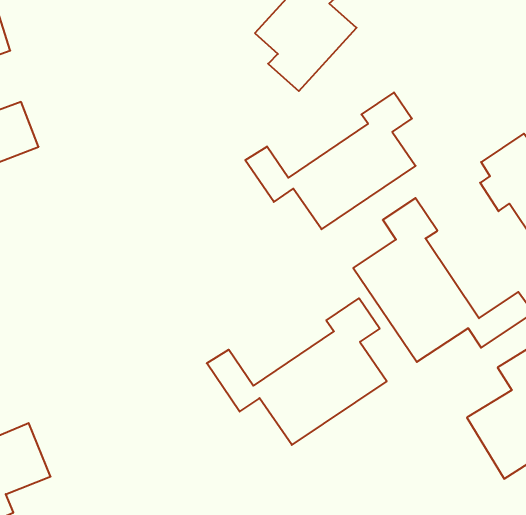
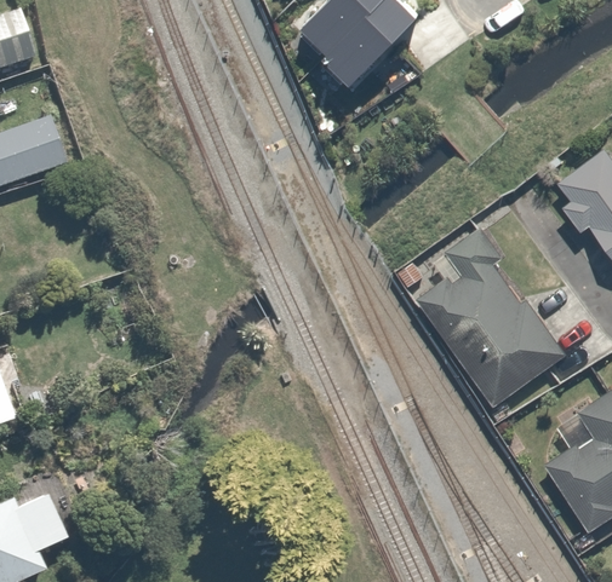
building: [245,92,416,229] -> none
building: [207,298,387,445] -> none

